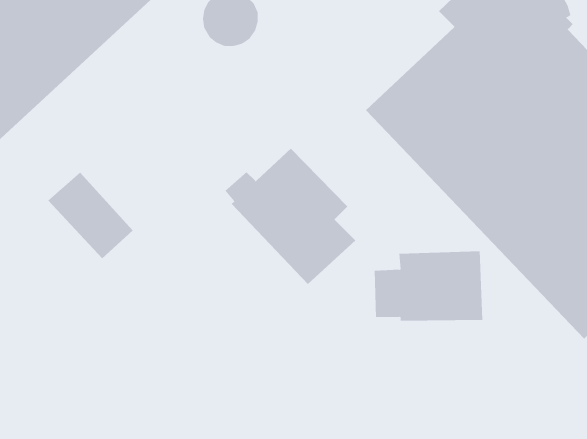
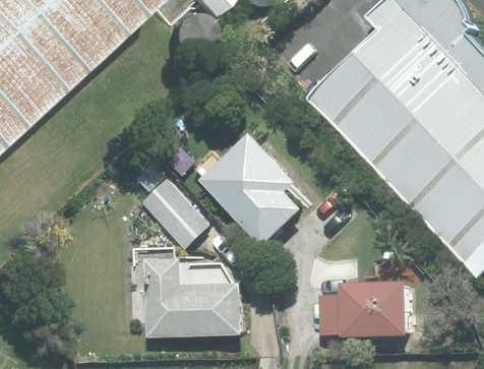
building: [47,172,133,259] -> [143,179,210,247]
building: [374,251,483,321] -> [320,281,406,335]
building: none -> [134,247,241,335]

